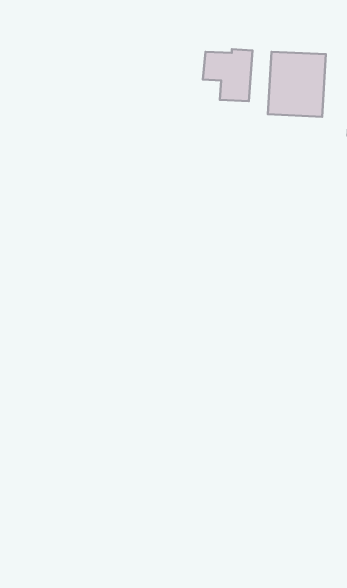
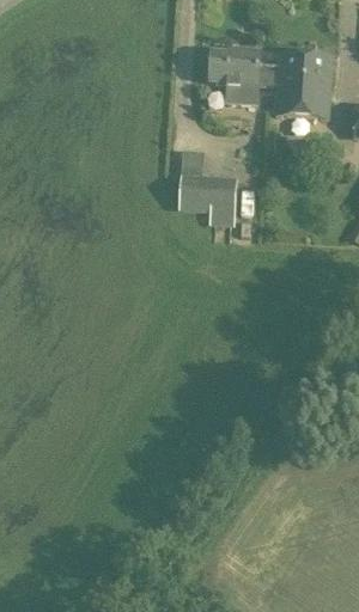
building: none -> [178,151,236,221]

